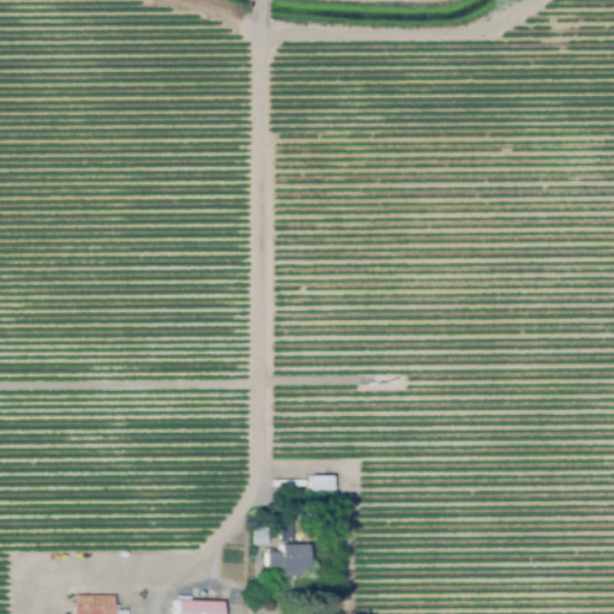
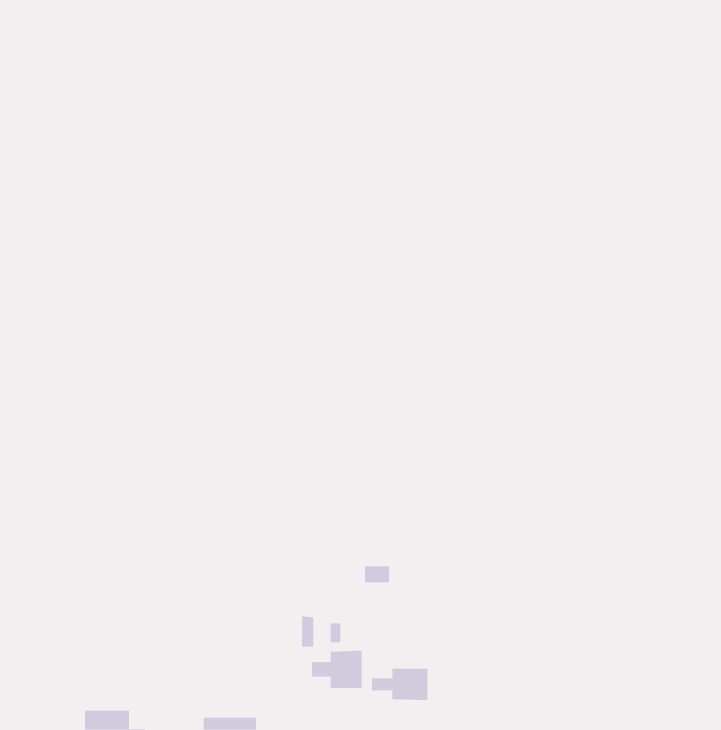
building: none -> [372,668,428,701]

